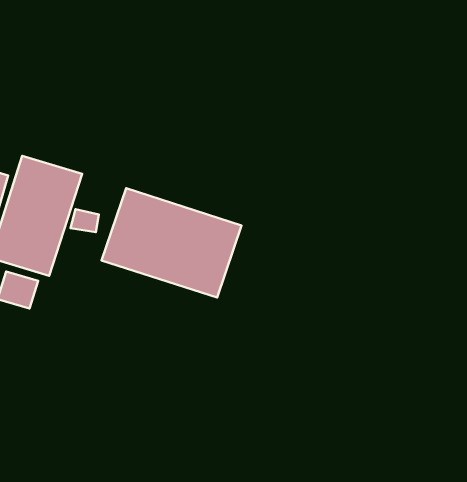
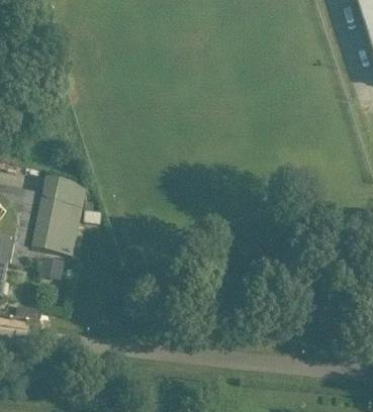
building: [102,188,242,298] -> none

